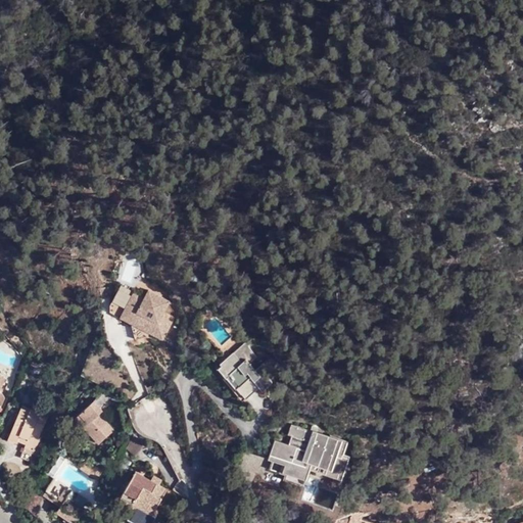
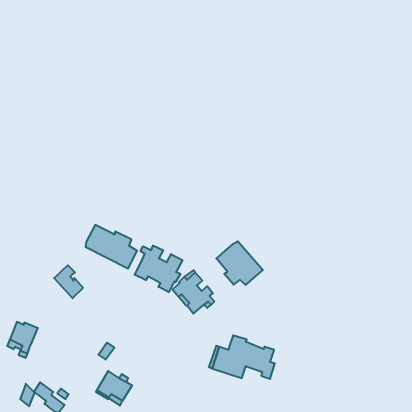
building: none -> [216,241,263,285]
building: none -> [135,246,182,292]
building: [74,406,110,447] -> [54,265,83,298]

